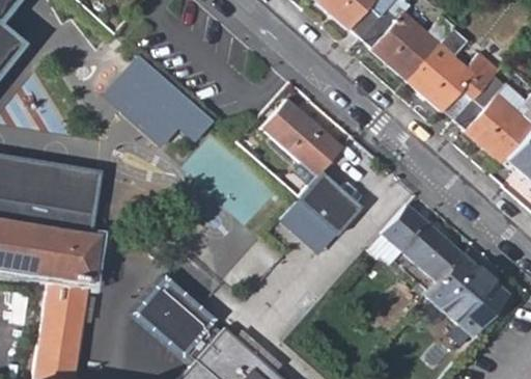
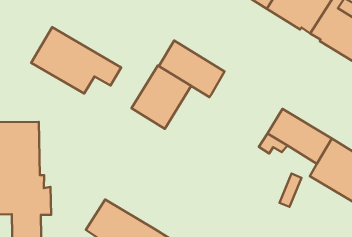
building: [283,173,361,252] -> [131,65,191,129]

